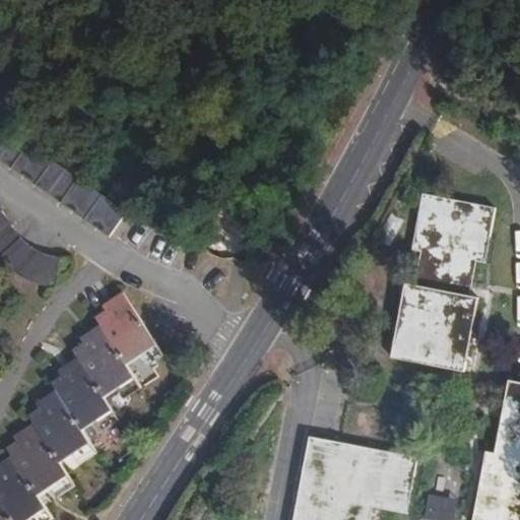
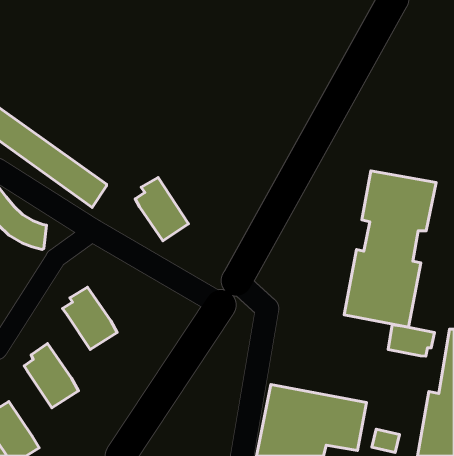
building: [94,292,155,365] -> [135,177,189,241]
building: [49,358,111,430] -> none
building: none -> [388,325,435,356]
building: [6,422,67,496] -> none

